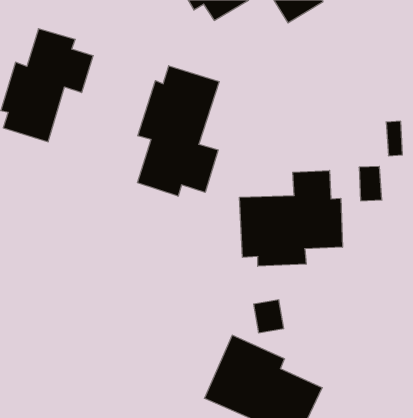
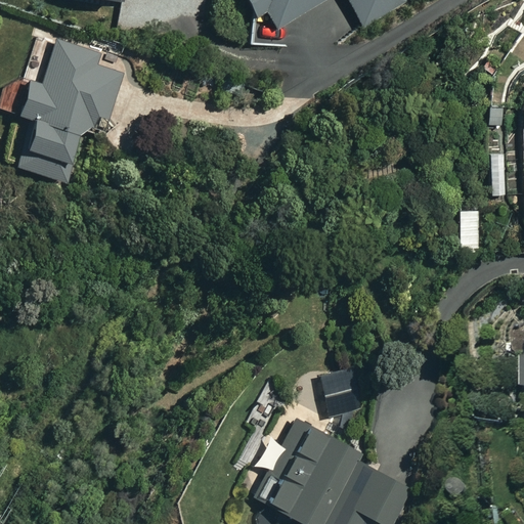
building: [137,66,219,196] -> none
building: [240,170,342,266] -> none

